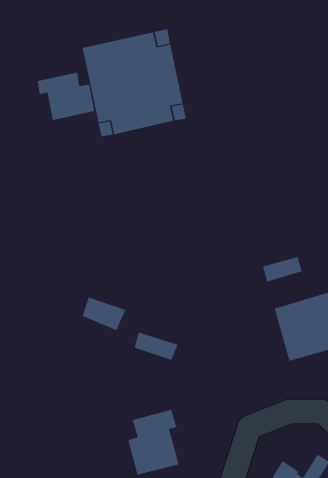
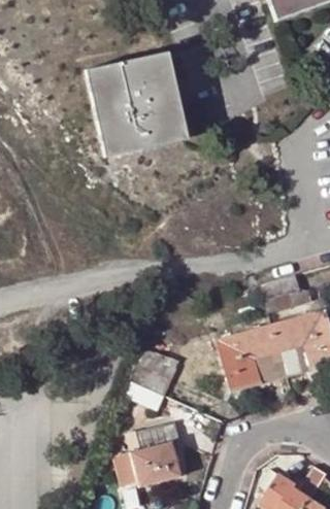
building: [37,72,95,121] -> none
building: [82,297,126,331] -> [129,363,172,396]
building: none -> [217,325,286,393]

